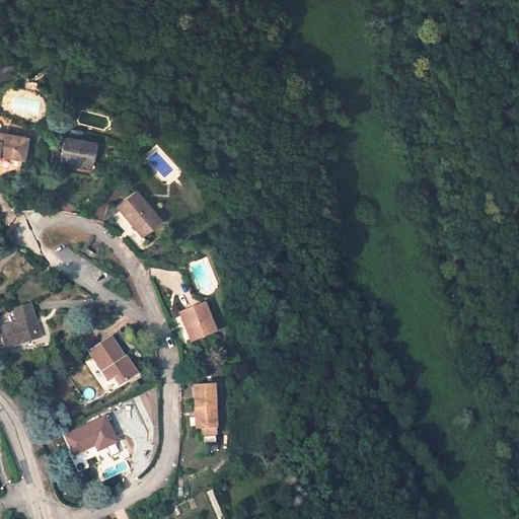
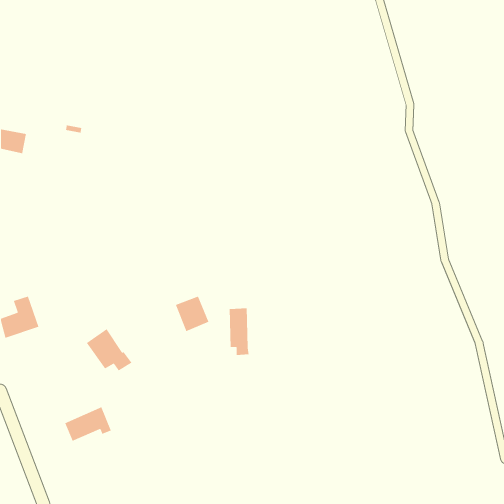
building: [61,137,95,163] -> none
building: [118,190,160,234] -> none
building: [195,385,216,435] -> [229,307,250,356]

